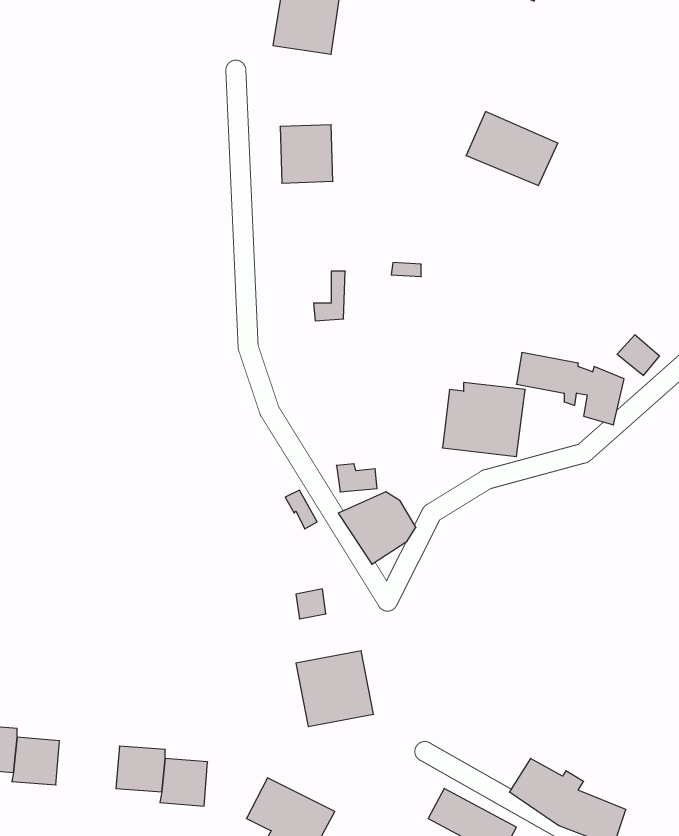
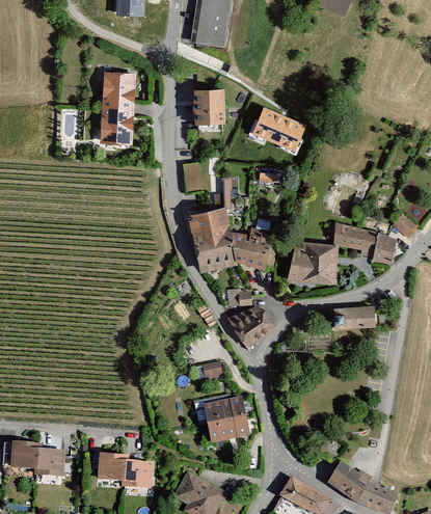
building: none -> [100,72,133,144]
building: [466,112,558,186] -> [251,106,305,150]
building: none -> [187,206,276,271]
building: none -> [332,304,375,329]

